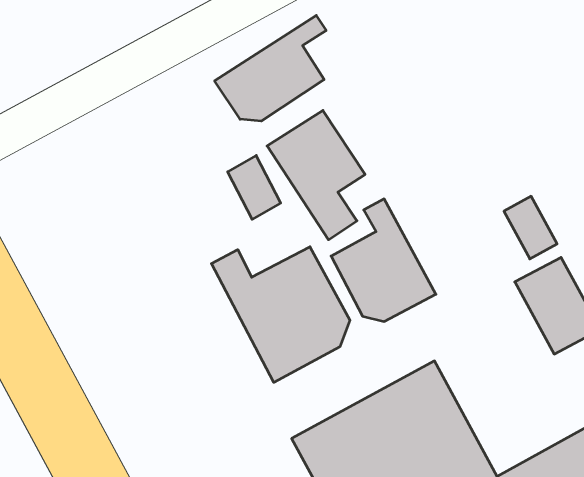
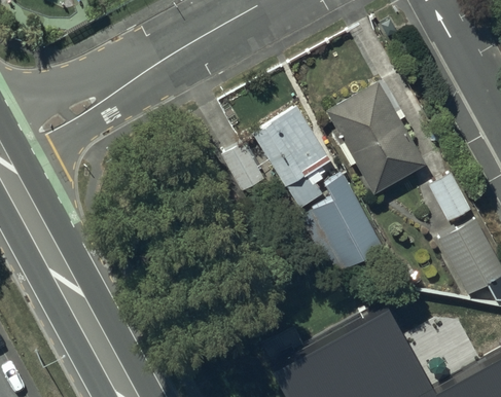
building: [215,15,326,121] -> none
building: none -> [332,83,423,189]
building: [211,247,350,382] -> none

